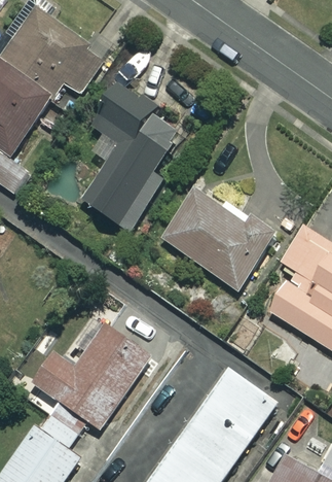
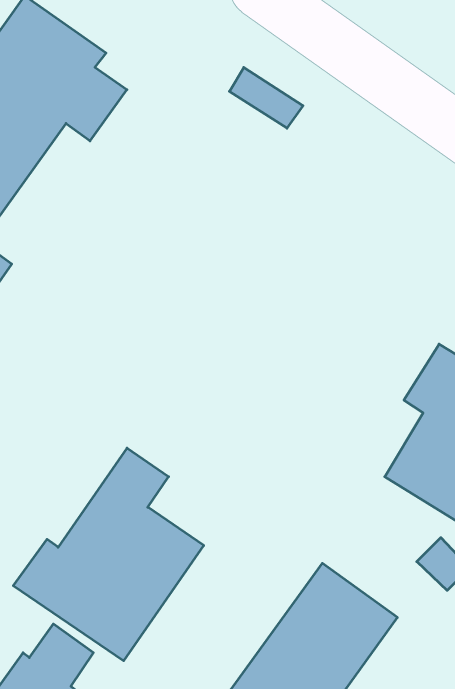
building: [81,83,183,231] -> none
building: [161,190,275,290] -> none

